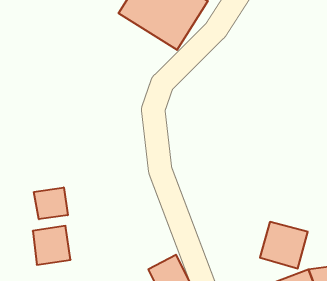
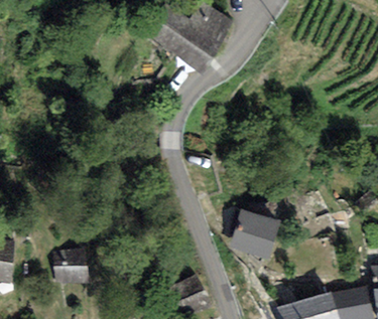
building: [34,187,68,219] -> none
building: [260,222,308,269] -> [231,209,279,257]

